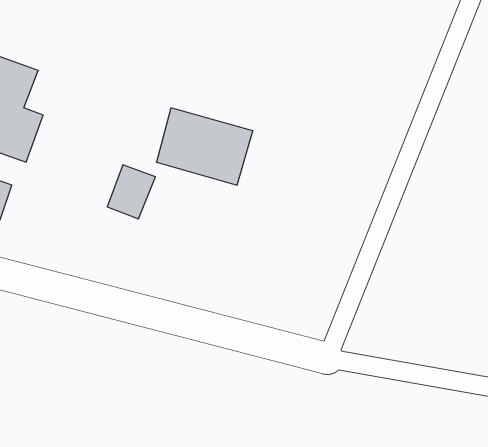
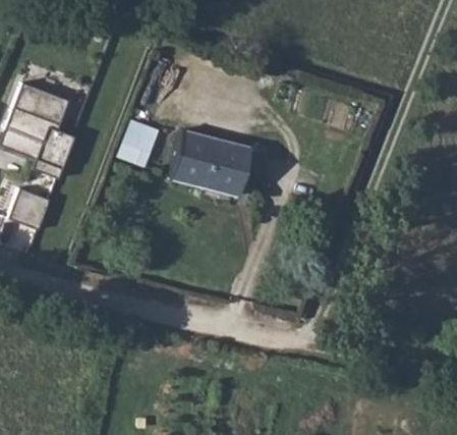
building: [107,165,155,219] -> [118,120,159,166]

